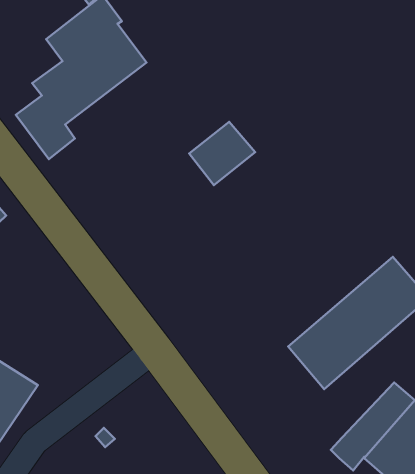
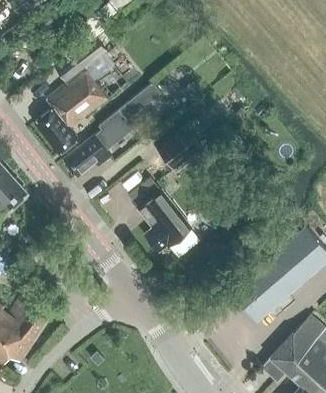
building: none -> [64,81,161,176]
building: none -> [142,190,192,249]

